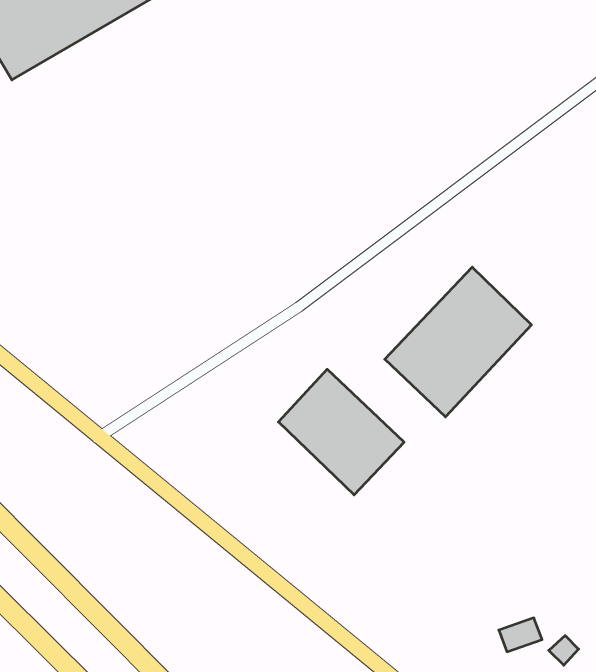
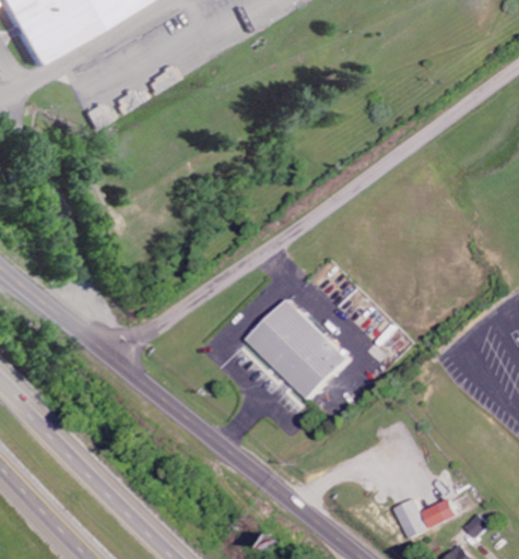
building: [385,267,531,417] -> none
building: none -> [396,500,427,538]

